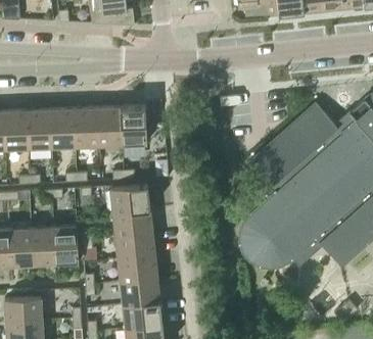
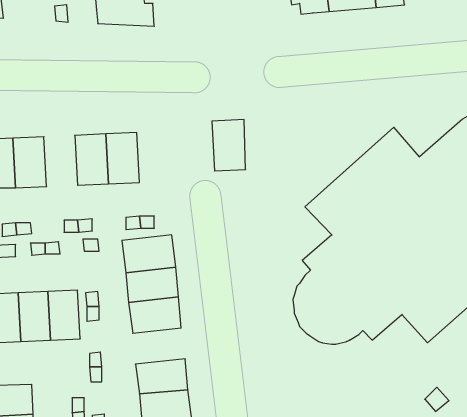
building: [121,105,146,144] -> [212,120,246,171]
building: [50,108,76,147] -> none
building: [118,254,157,282] -> none

